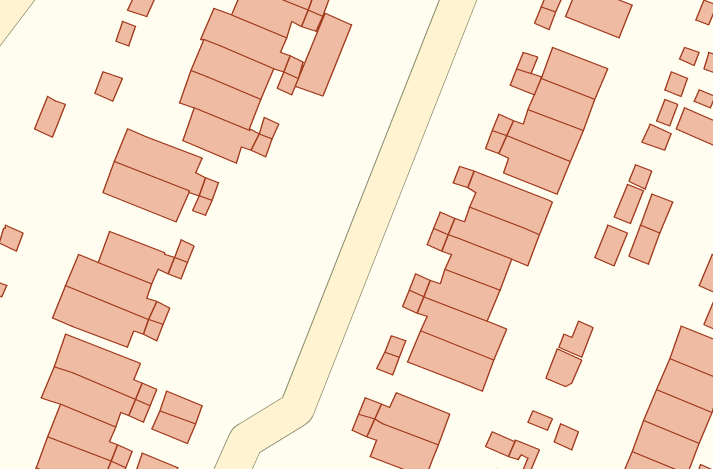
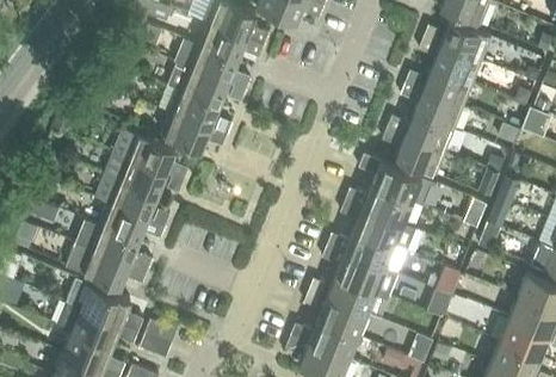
building: [295,13,352,96] -> none
building: none -> [432,44,481,82]
building: none -> [93,173,156,217]
building: none -> [317,297,366,335]

